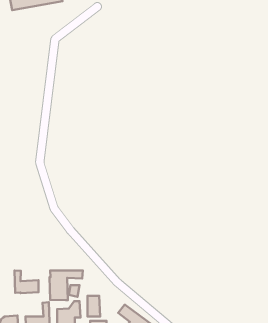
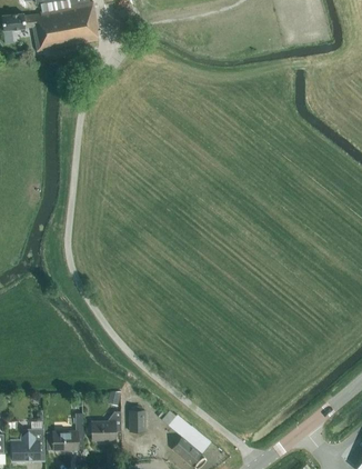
building: [15,271,39,293] -> none
building: [49,271,83,300] -> none

